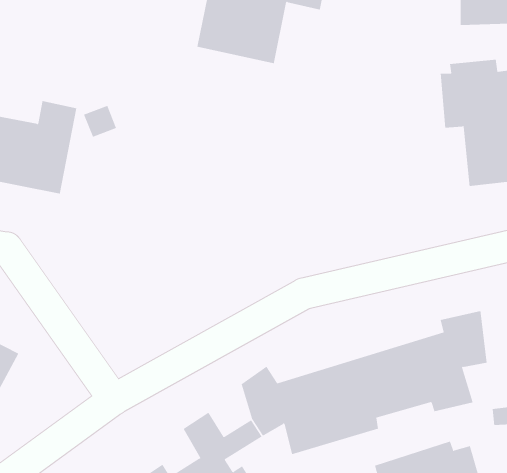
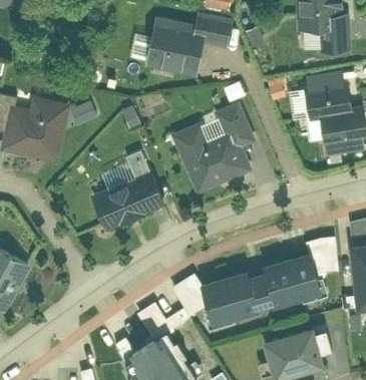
building: none -> [171,101,256,193]
building: none -> [90,151,164,232]

